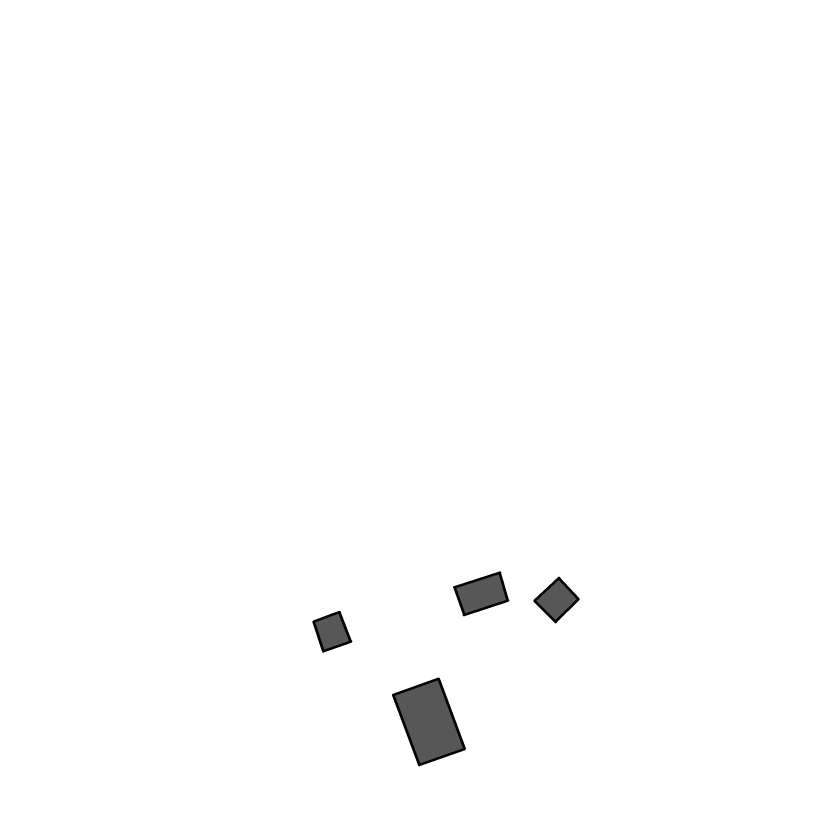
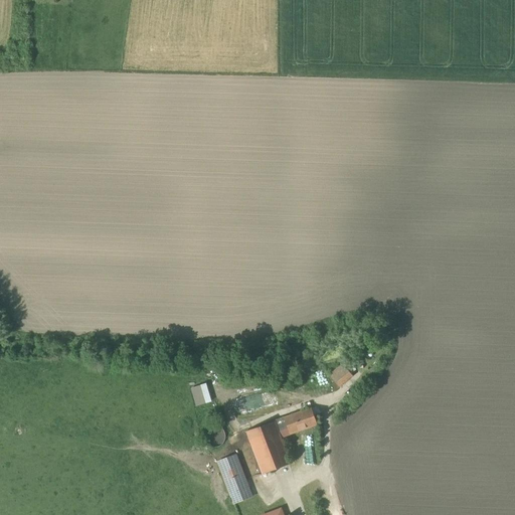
building: [454,573,508,615] -> [282,407,315,434]
building: none -> [217,454,251,502]

